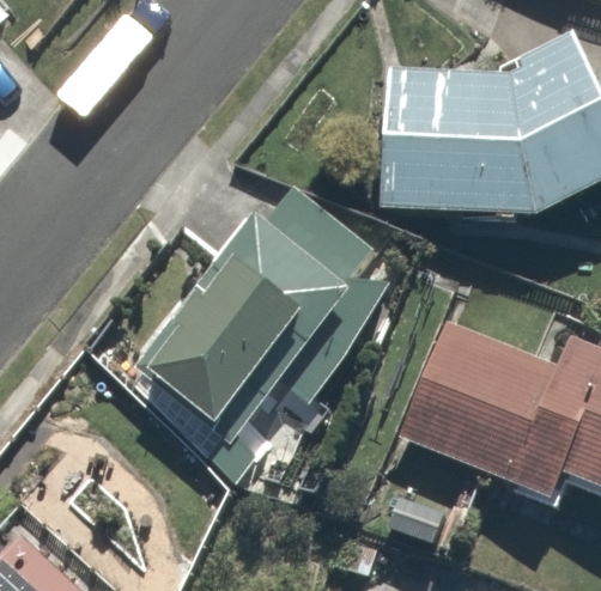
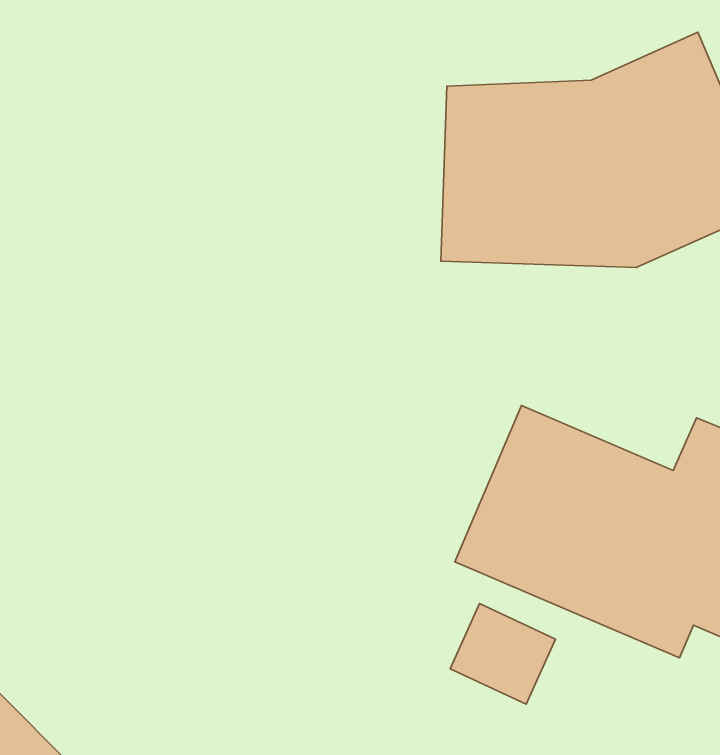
building: [150,182,382,444] -> none

